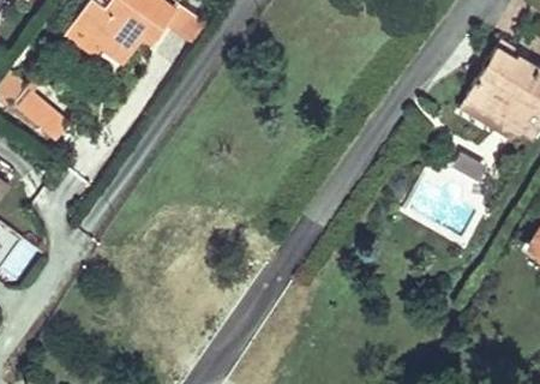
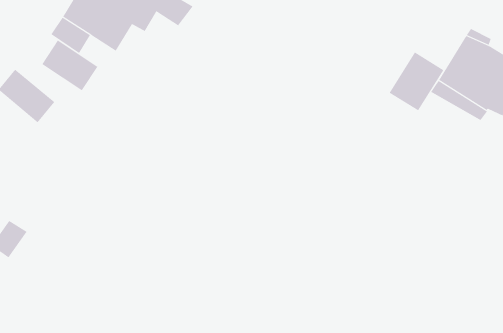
building: none -> [41,39,98,91]
building: none -> [389,52,444,111]

